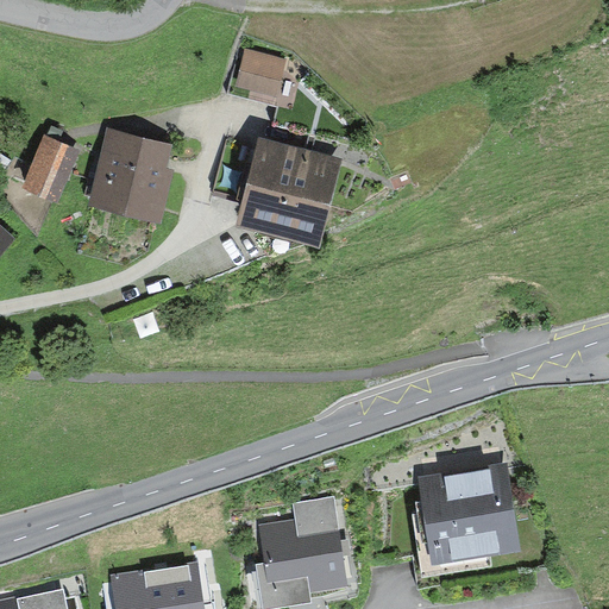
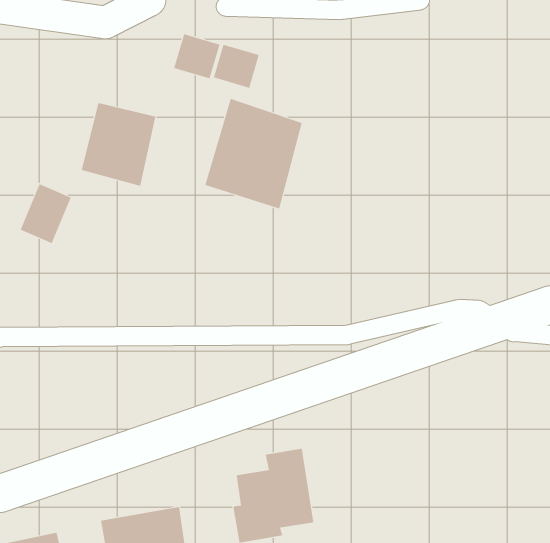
building: none -> [174,33,220,79]
building: [23,139,80,206] -> [20,184,72,244]
building: [425,476,515,559] -> none

